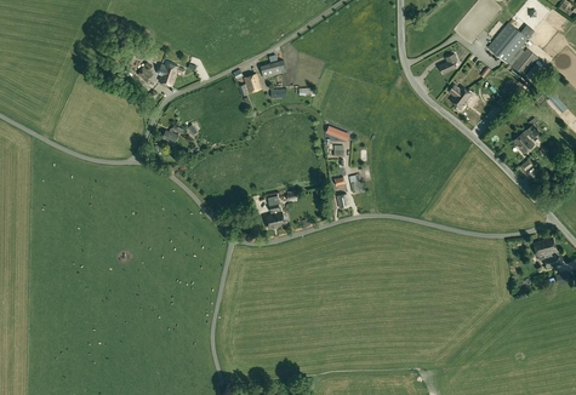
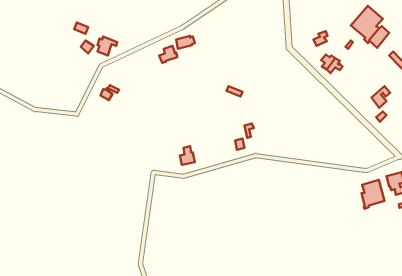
building: none -> [361,180,385,209]

